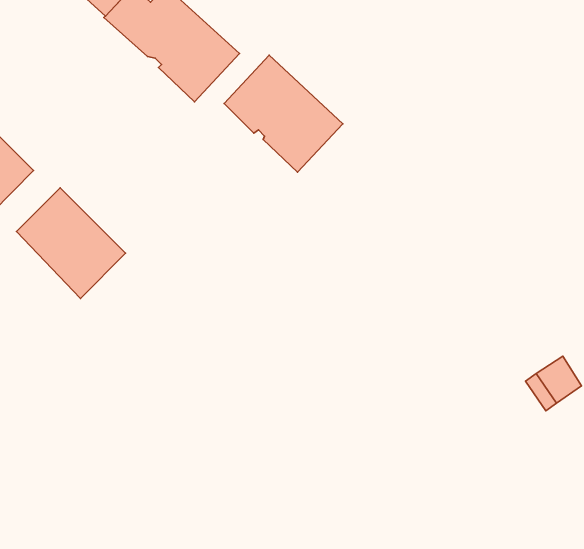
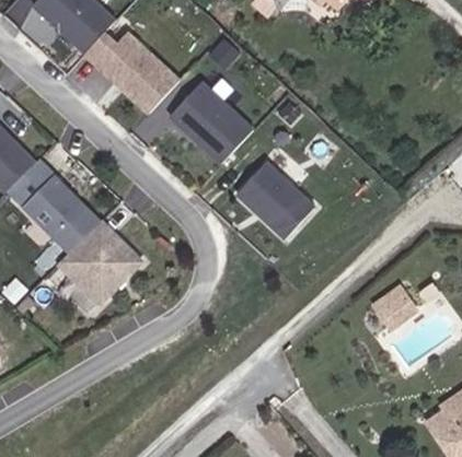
building: none -> [234,161,312,237]
building: none -> [58,220,140,301]

